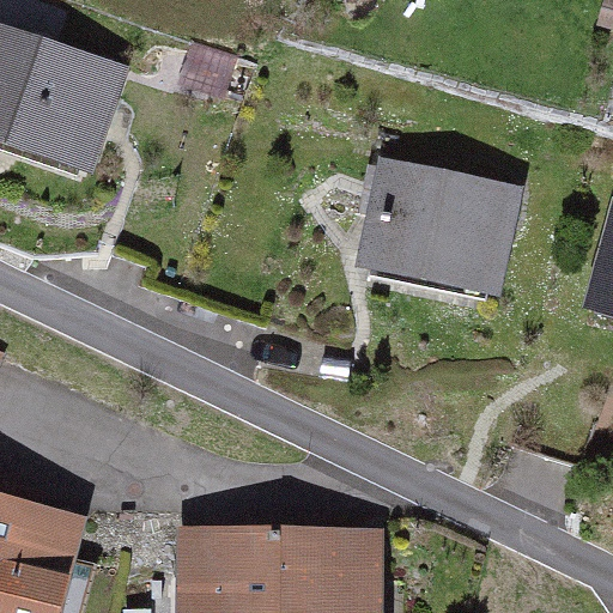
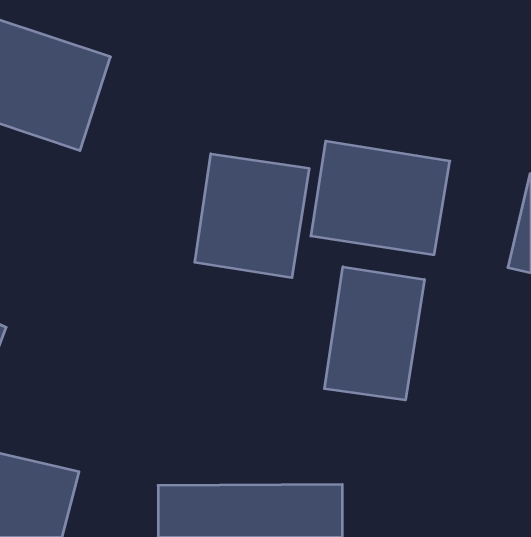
building: none -> [195,154,309,278]
building: none -> [324,267,424,400]

